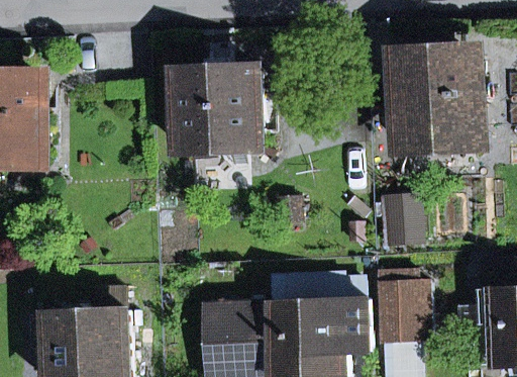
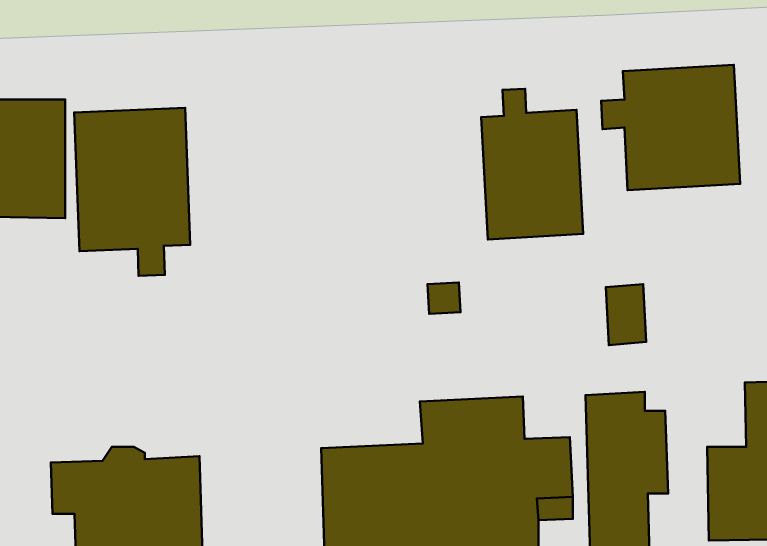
building: [181,42,264,153] -> none
building: none -> [481,89,583,240]
building: none -> [74,108,190,276]

